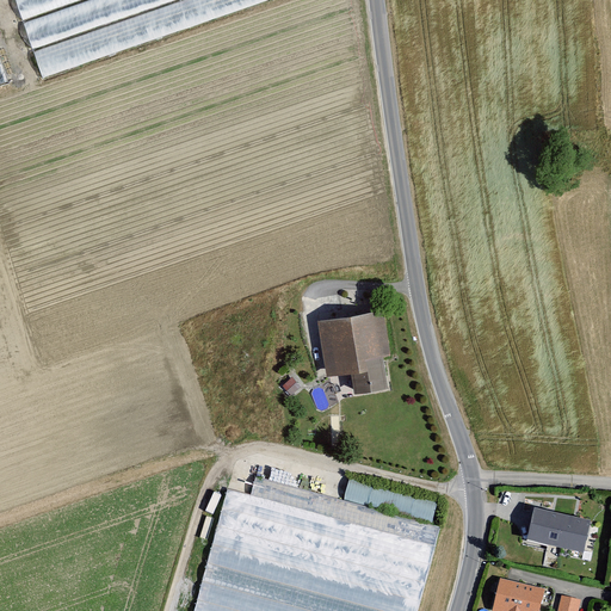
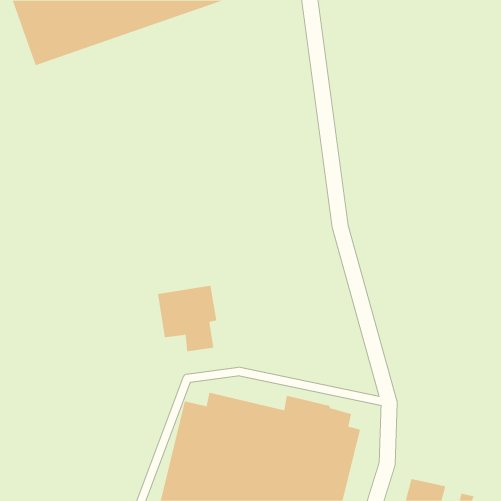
building: [317,313,390,394] -> [157,285,217,352]
building: [527,508,591,551] -> none

